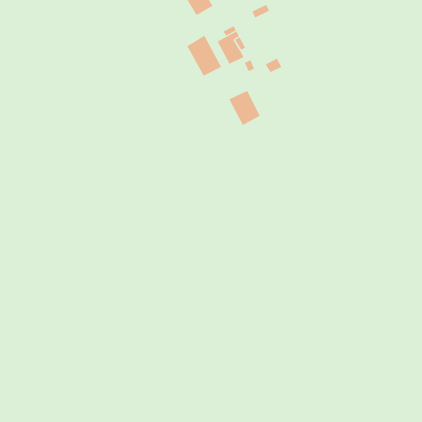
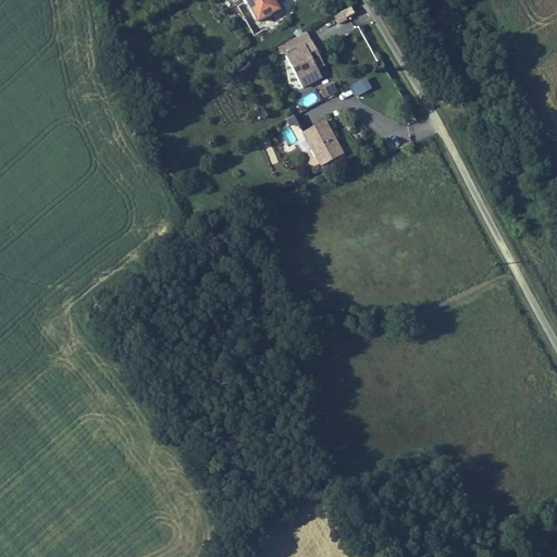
building: [186,35,222,77] -> none

